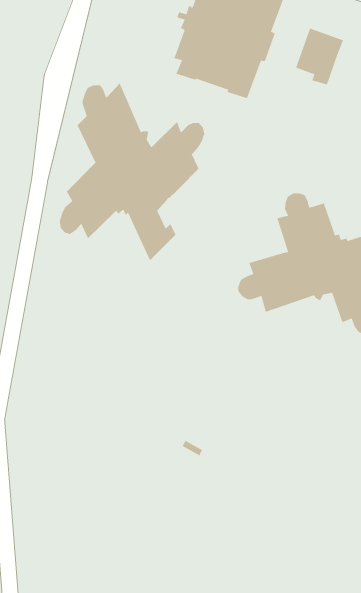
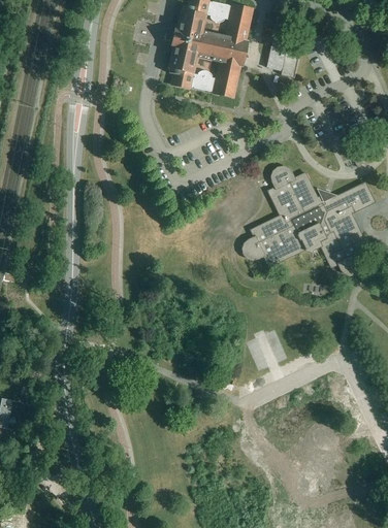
building: [59,82,205,261] -> none

